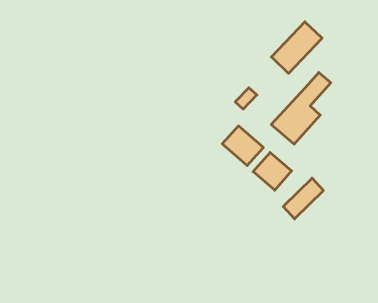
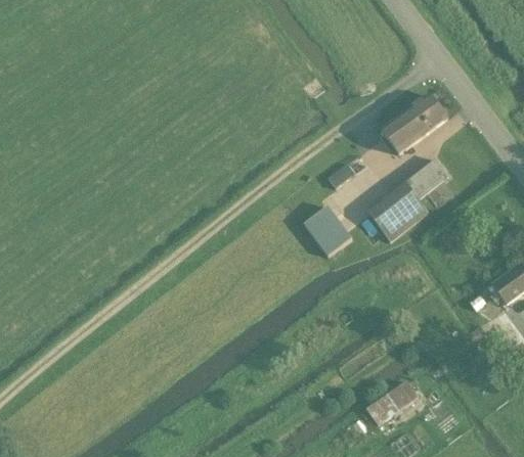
building: [253,152,292,190] -> none
building: [283,178,323,219] -> [365,379,418,425]

